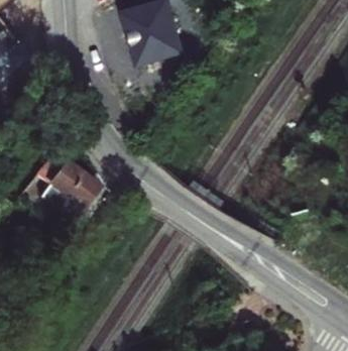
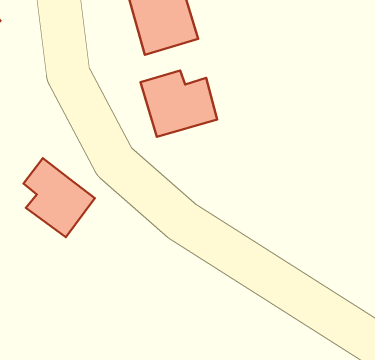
building: none -> [140,71,217,137]

